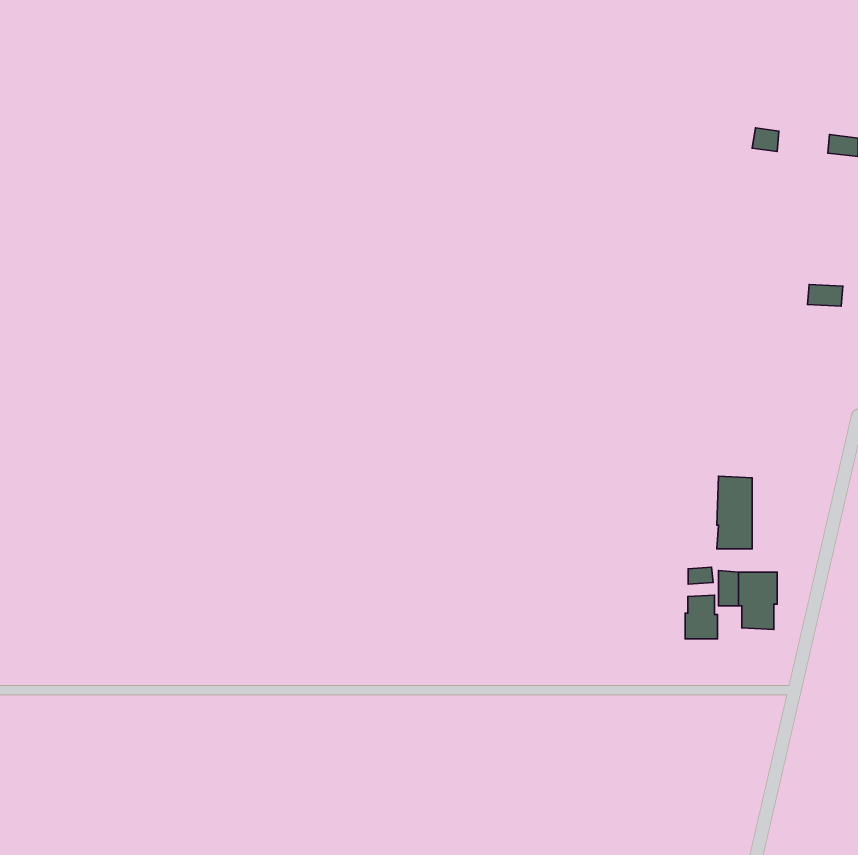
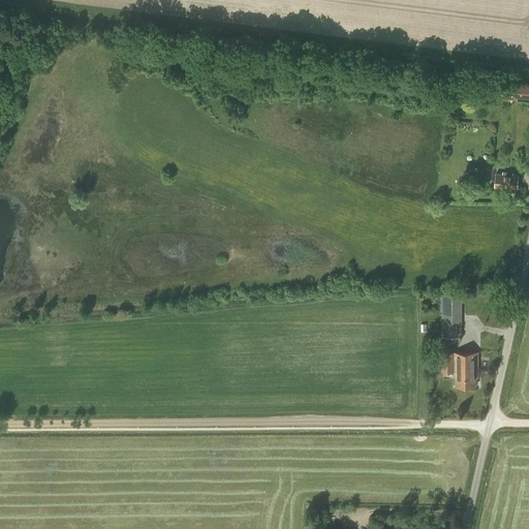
building: [685,595,717,639] -> none

